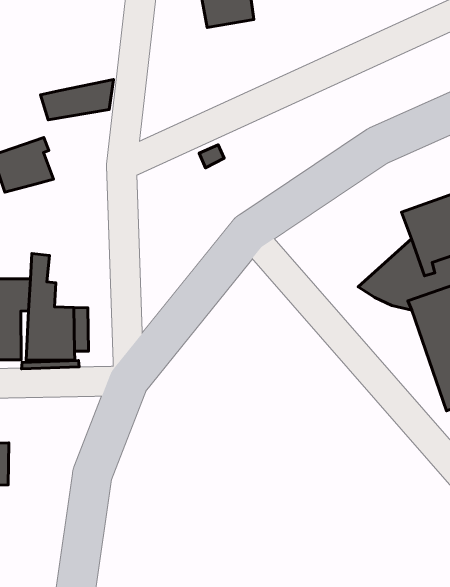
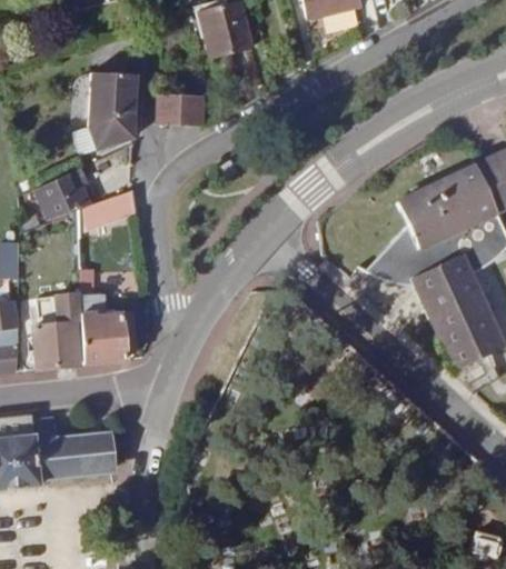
building: none -> [89,72,136,126]
building: none -> [158,84,202,124]
building: none -> [77,189,136,233]
building: none -> [76,433,112,473]

